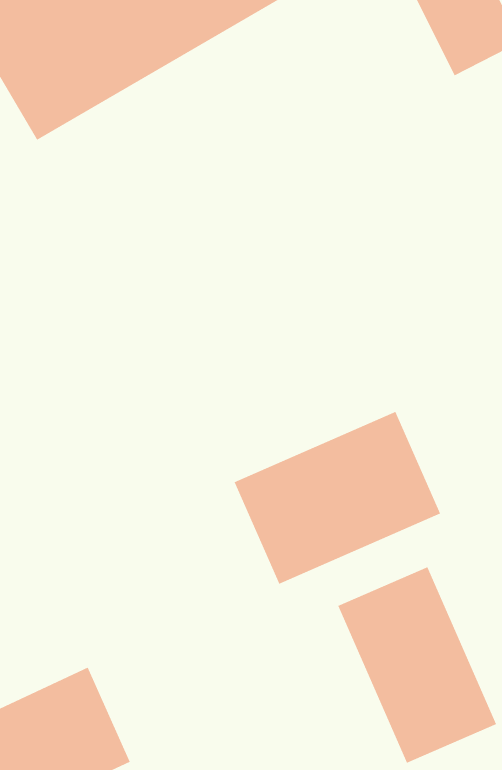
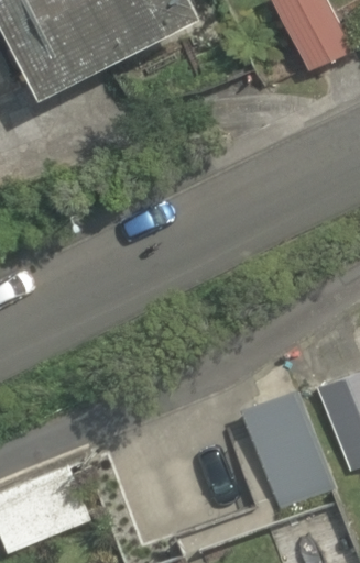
building: [234,411,441,585] -> none

